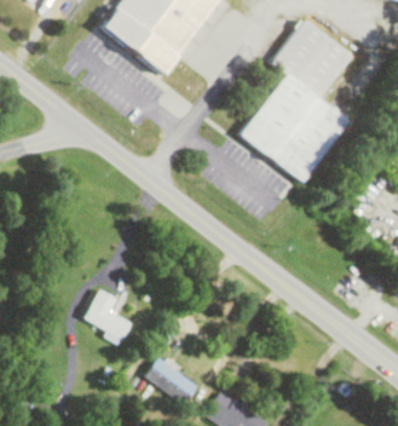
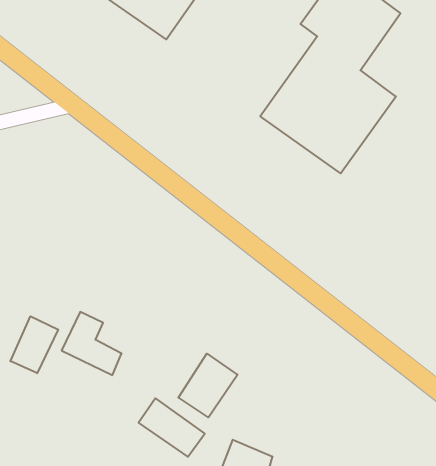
building: none -> [10,316,58,373]
building: none -> [178,354,238,417]

